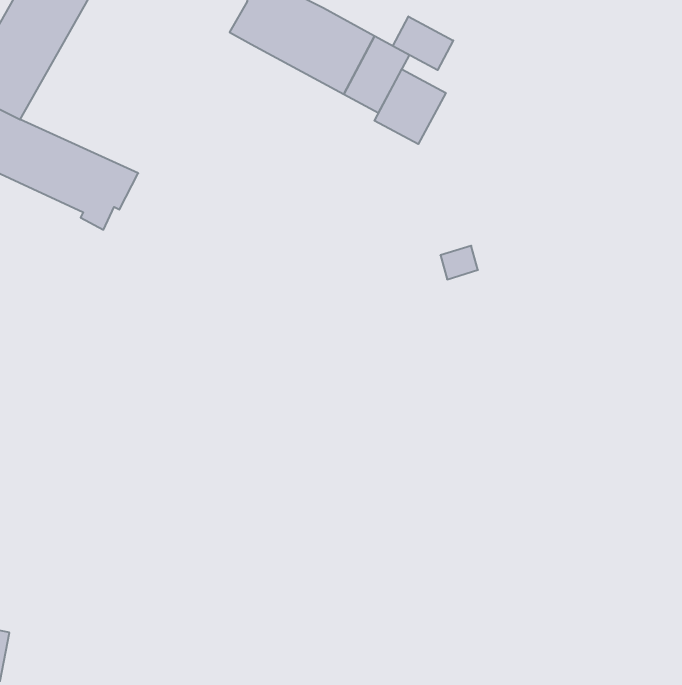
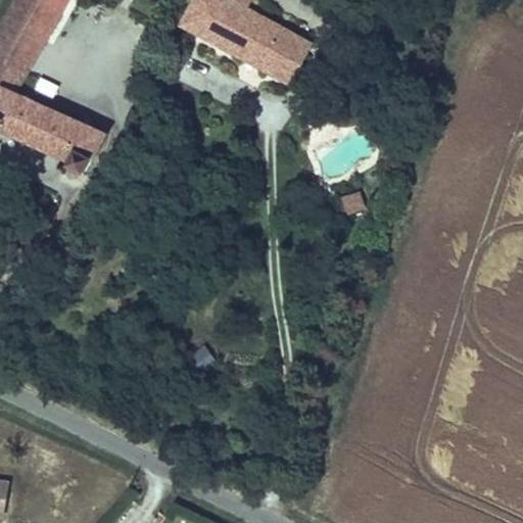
building: [393,16,453,70] -> none
building: [374,69,446,144] -> none

